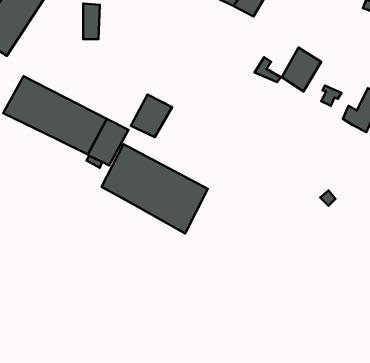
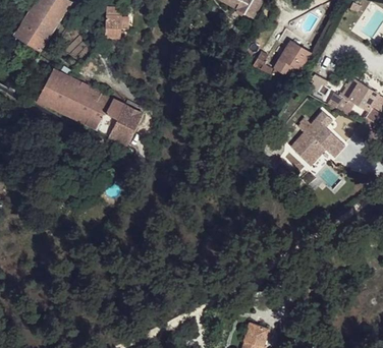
building: [131,95,172,137] -> none
building: none -> [291,113,343,156]
building: [102,144,208,234] -> none

